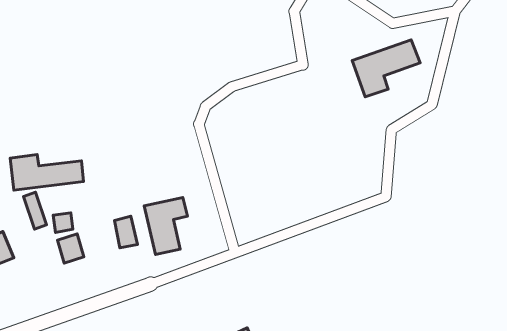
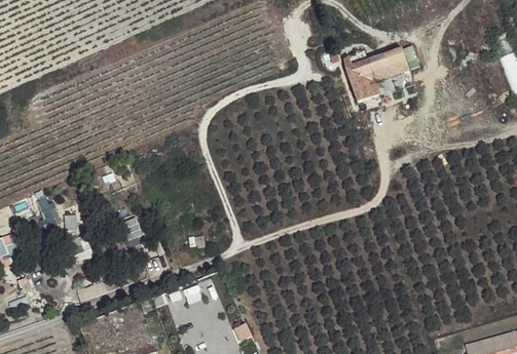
building: [10,154,83,190] -> none
building: [144,197,187,254] -> none

